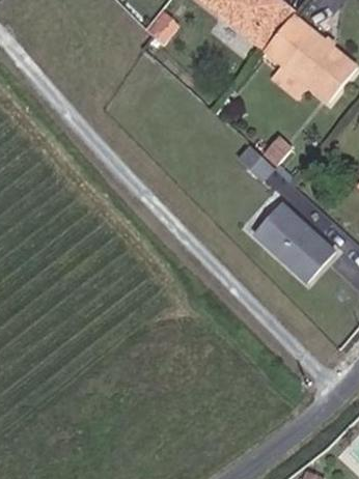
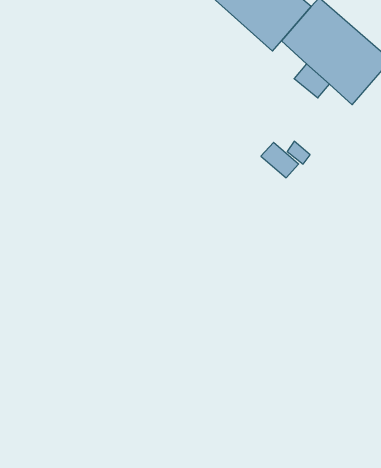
building: [260,194,343,275] -> none

